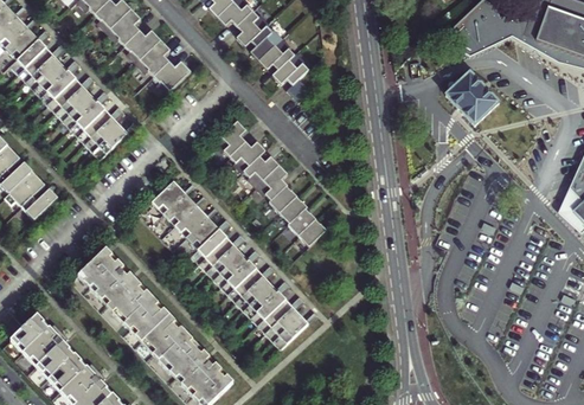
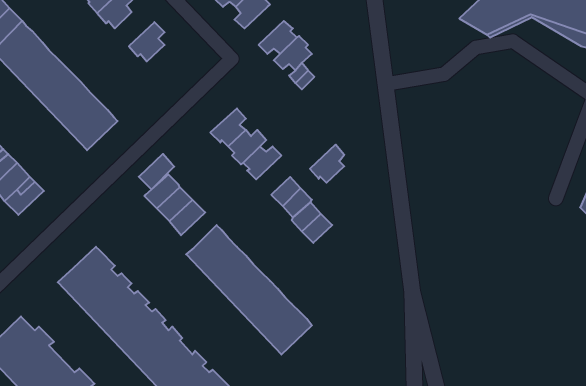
building: [250,24,282,59] -> none
building: [124,28,161,60] -> none
building: [154,59,191,92] -> none
building: [447,69,501,127] -> none
building: [256,162,288,198] -> [310,145,344,183]
building: [186,216,219,249] -> [139,154,174,189]

